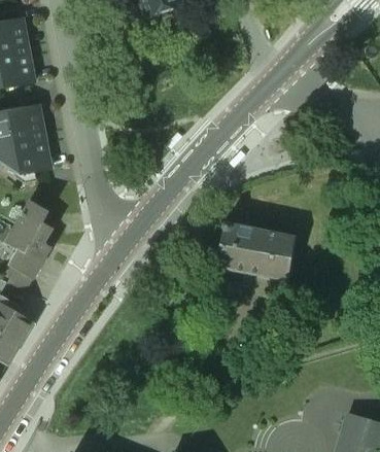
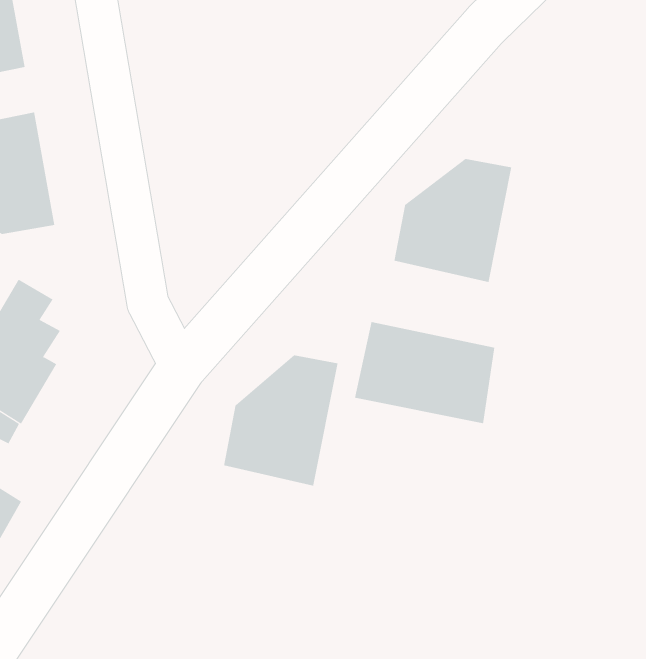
building: none -> [394,158,512,283]
building: none -> [223,354,338,487]

